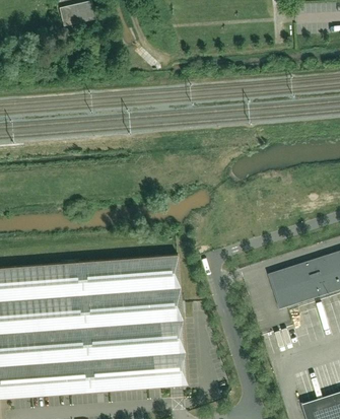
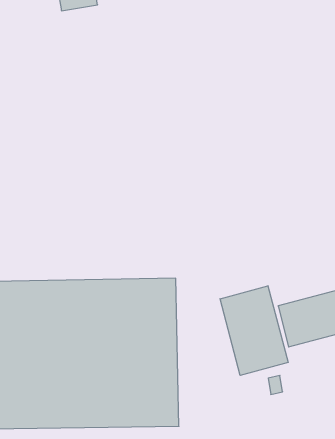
building: none -> [220,286,288,375]

